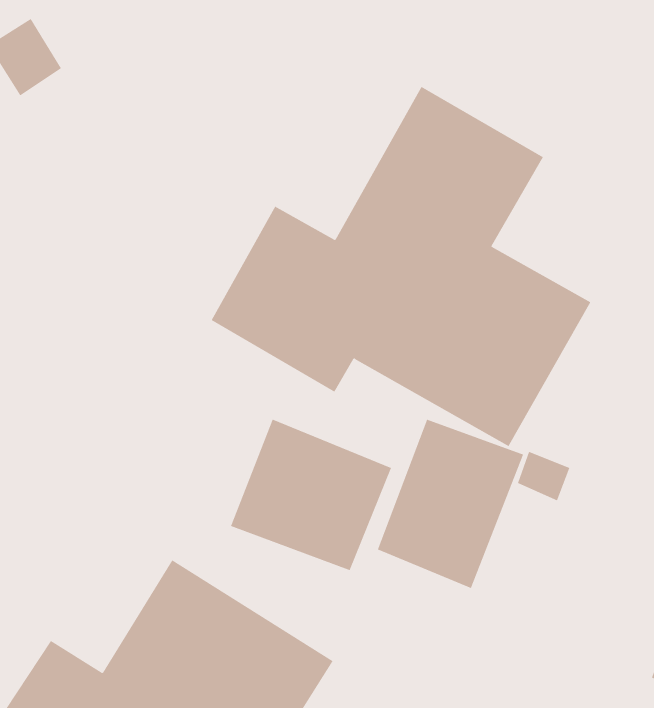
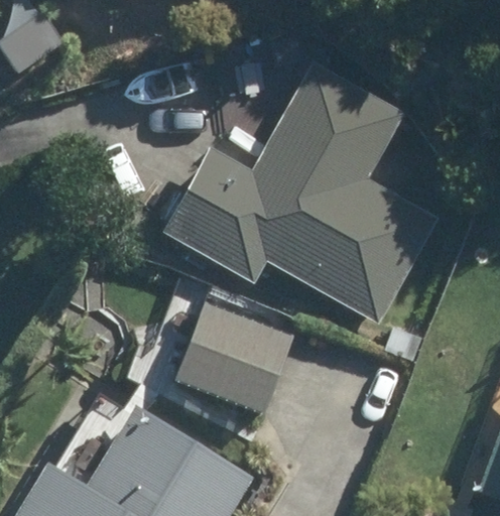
building: [377,419,524,589] -> none

